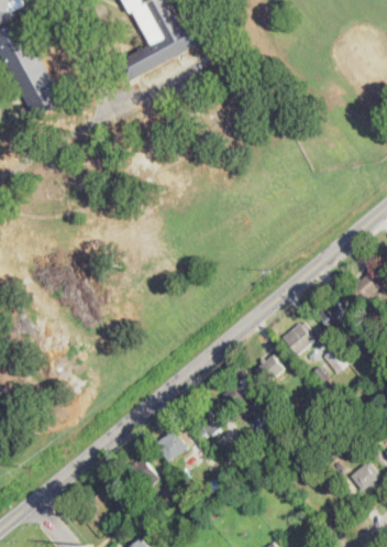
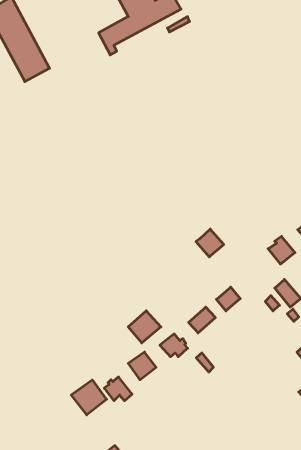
building: [280,322,312,354] -> [196,229,224,257]
building: none -> [128,311,161,343]
building: none -> [71,380,107,415]

